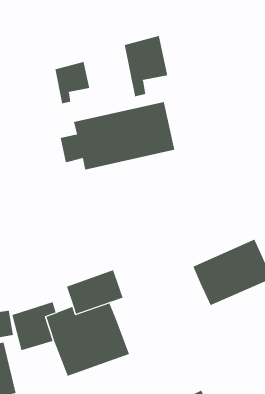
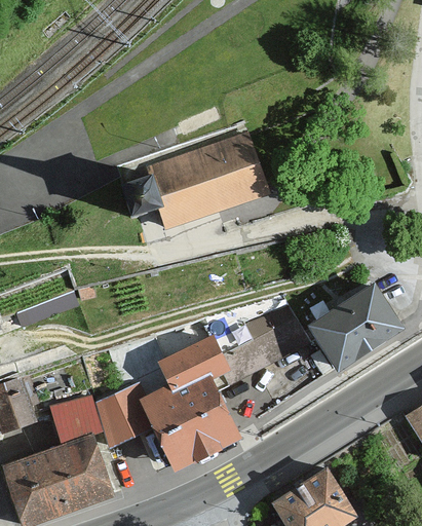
building: [124,35,168,97] -> none
building: [55,61,90,104] -> none
building: none -> [209,304,312,393]

